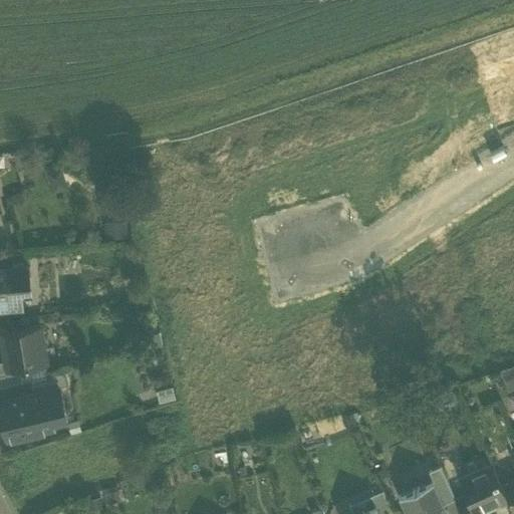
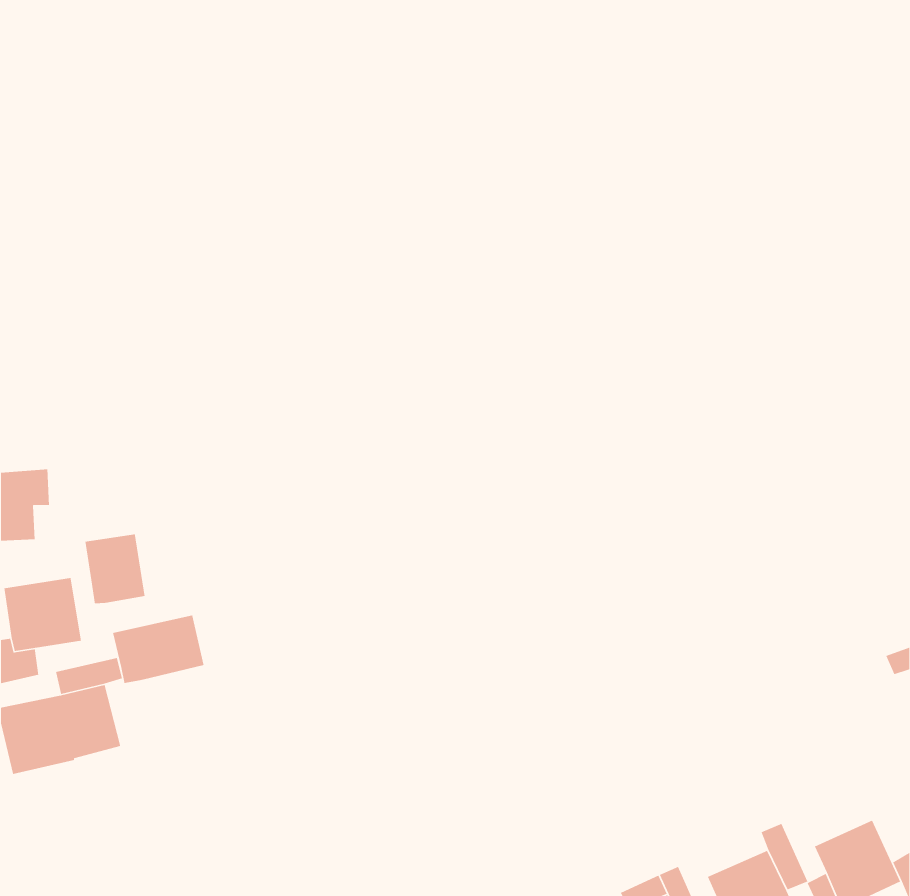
building: none -> [84,534,145,604]
building: none -> [112,614,205,684]

